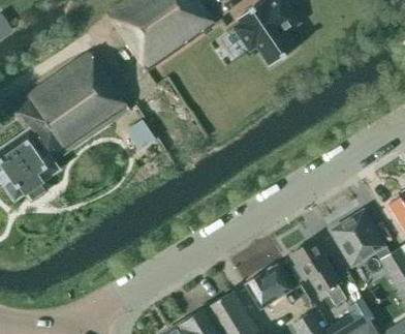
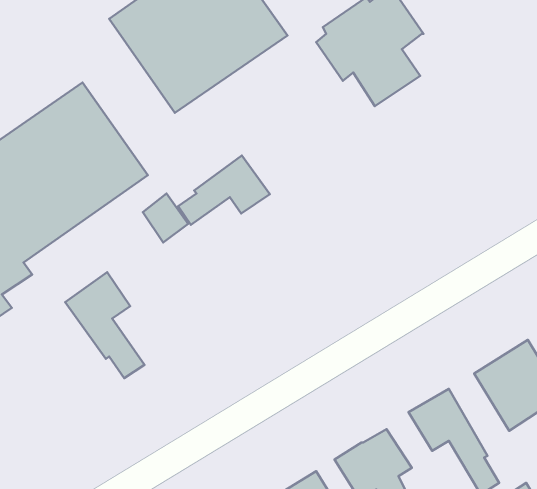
building: none -> [178,155,270,225]
building: none -> [65,272,144,378]

